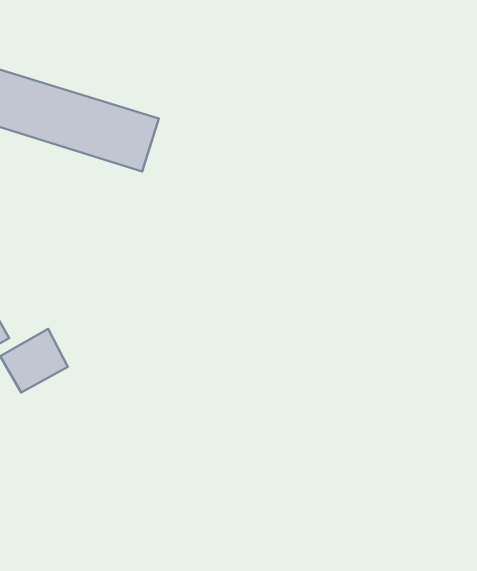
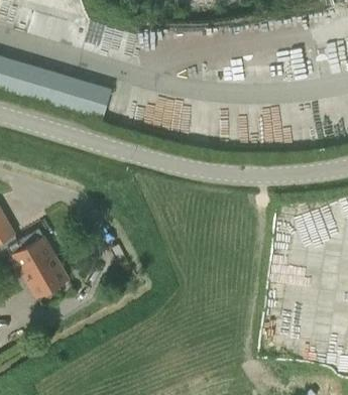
building: none -> [21,254,68,297]

